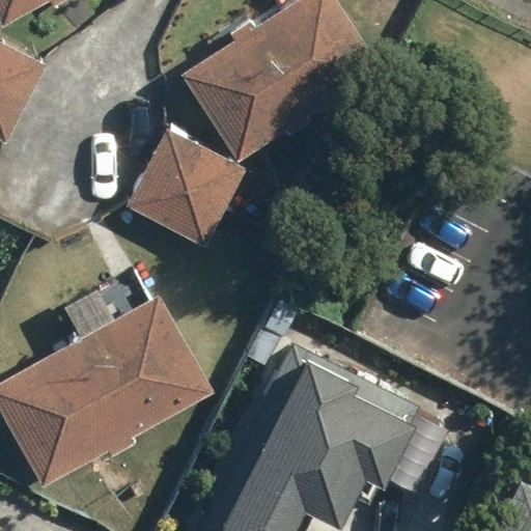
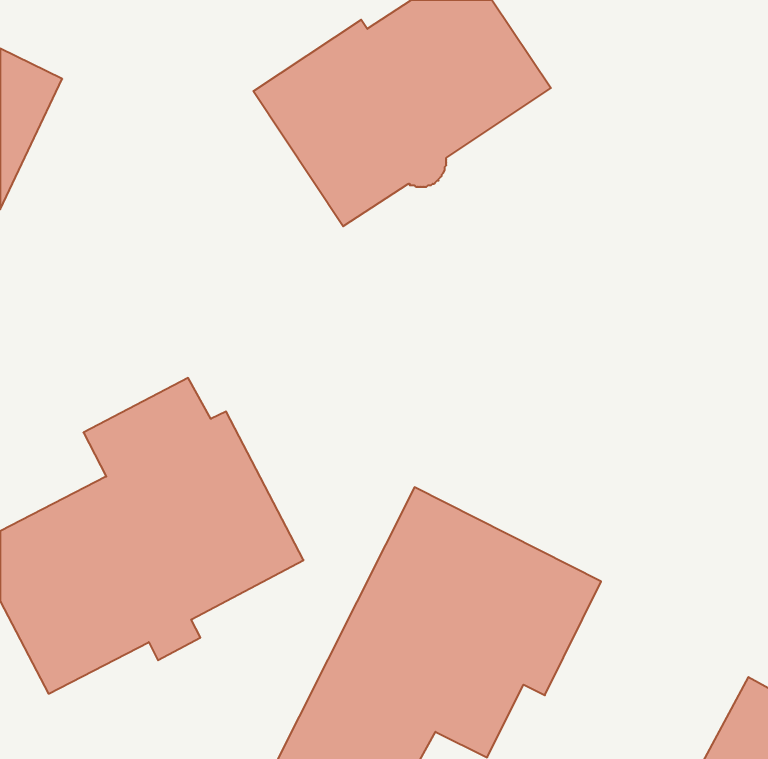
building: [130,133,250,253] -> none

